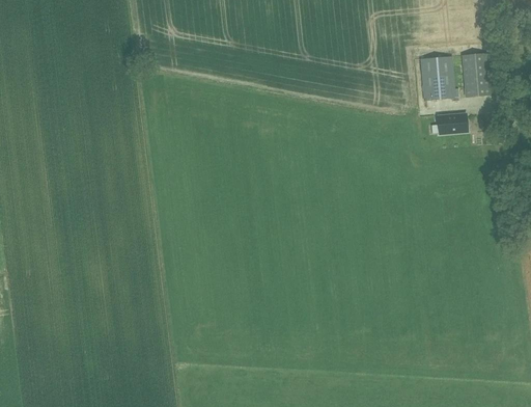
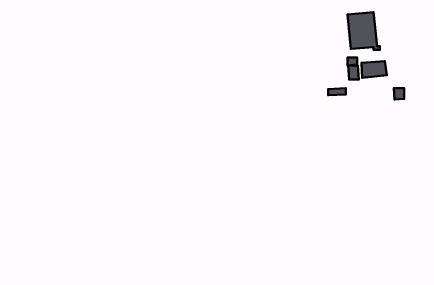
building: [462,52,491,96] -> none

